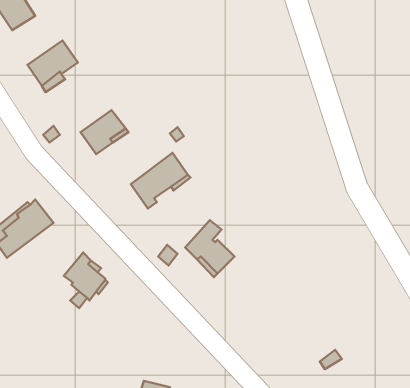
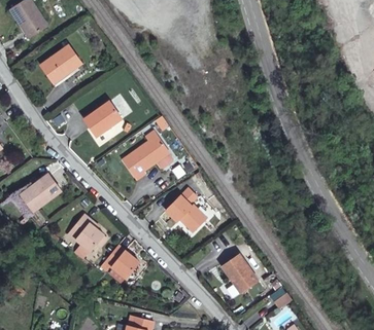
building: none -> [100,244,139,279]
building: none -> [223,254,257,291]

